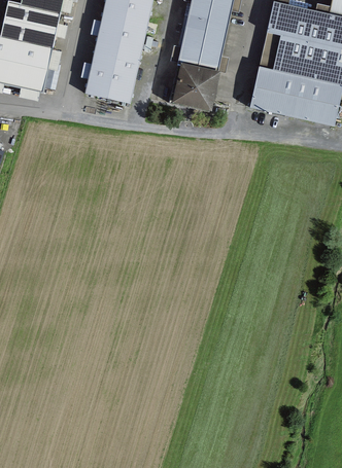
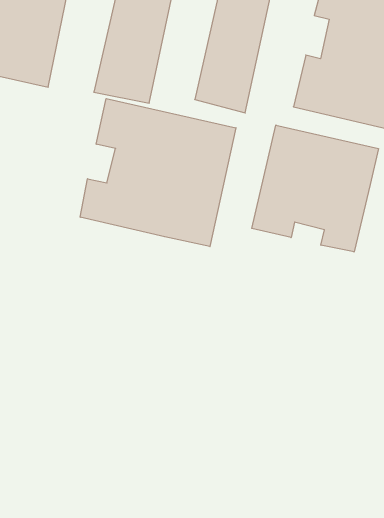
building: none -> [80,99,236,247]
building: none -> [252,125,378,252]

